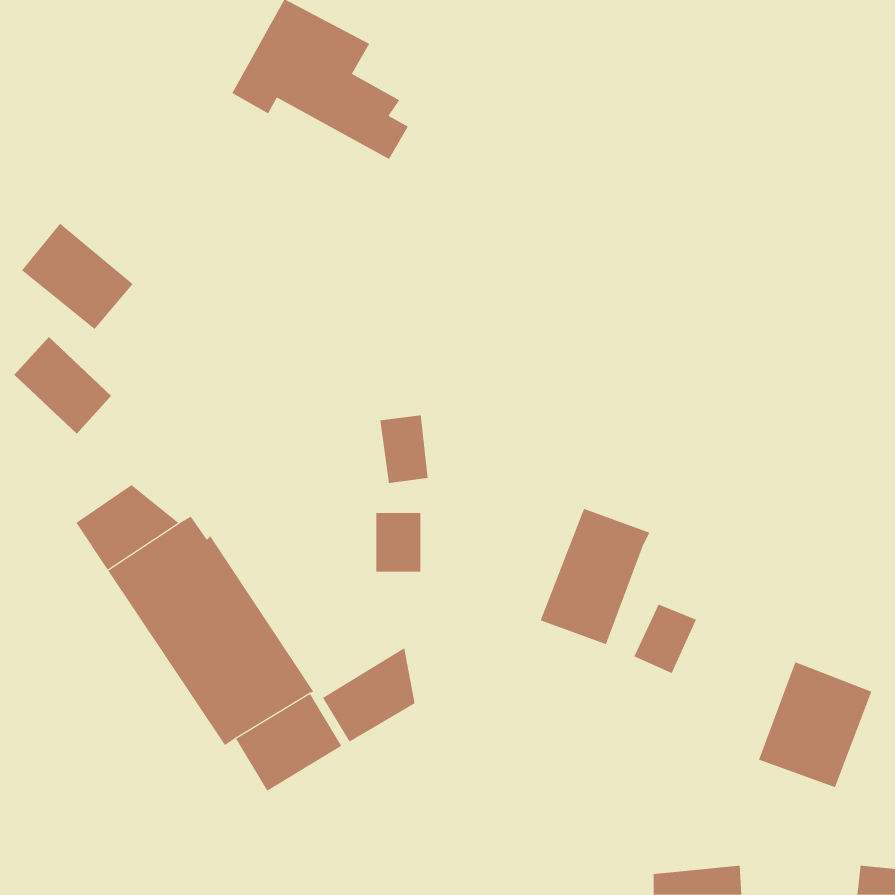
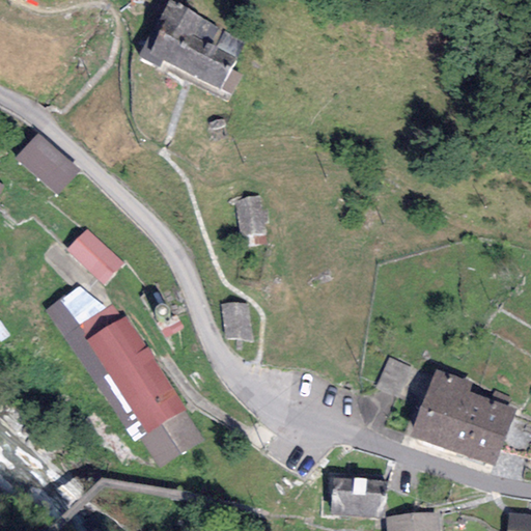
building: [14,336,112,434] -> [65,228,123,286]
building: [379,415,428,483] -> [236,195,266,235]
building: [540,508,650,645] -> [410,368,475,449]
building: [322,647,415,743] -> none
building: none -> [330,476,387,518]

